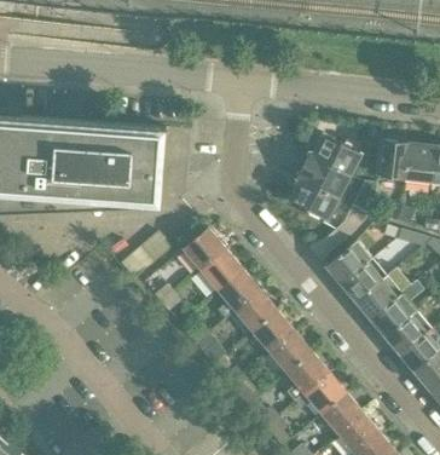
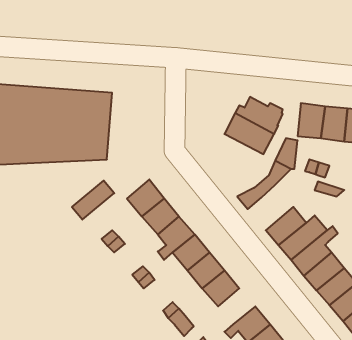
building: [289,177,338,224] -> none
building: [325,242,372,287] -> none
building: [286,353,329,403] -> none

